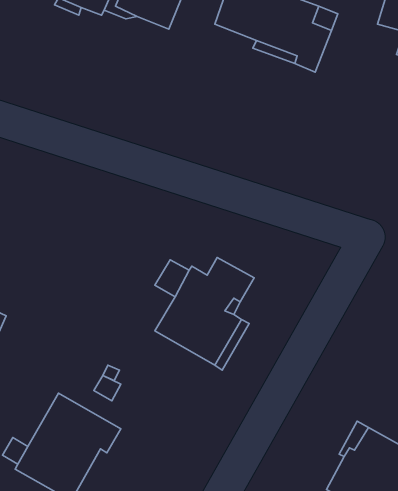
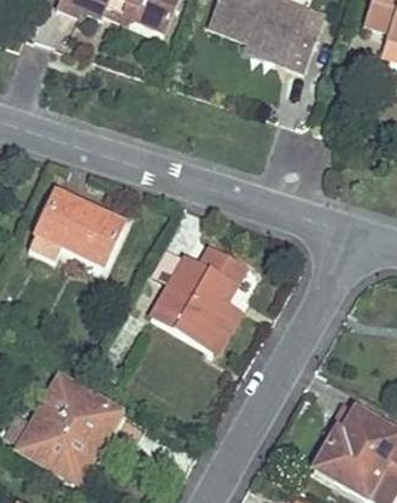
building: none -> [29,192,122,264]

